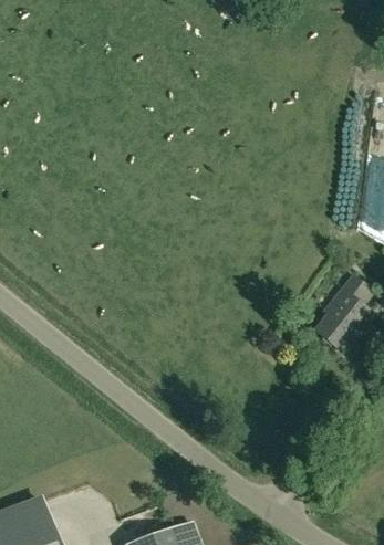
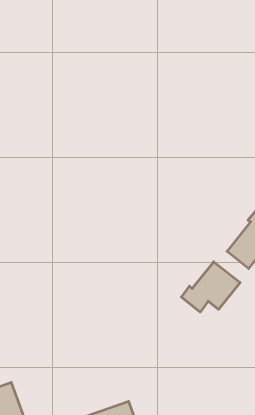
building: none -> [181,262,240,312]

